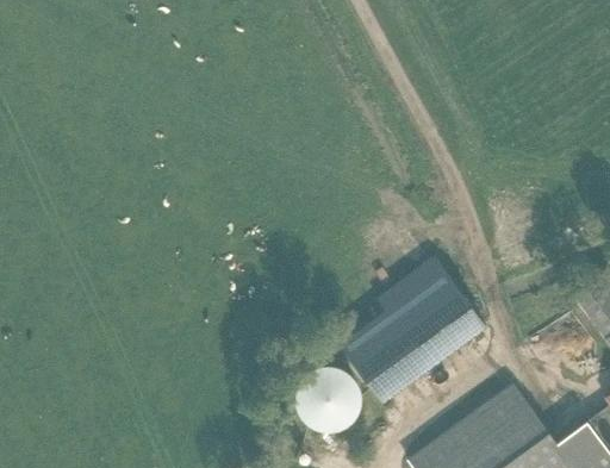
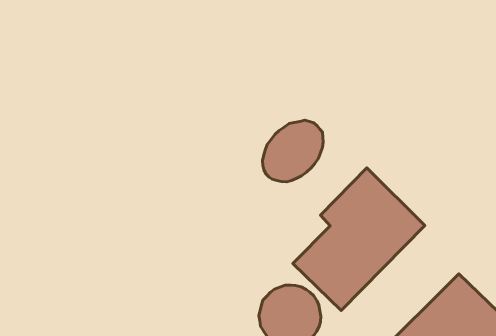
building: none -> [263,120,323,182]

